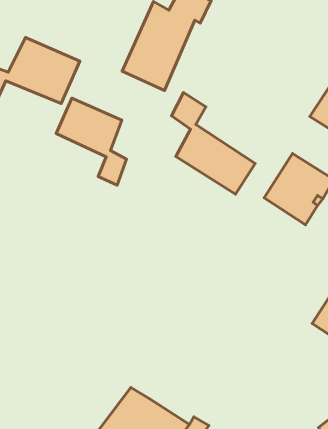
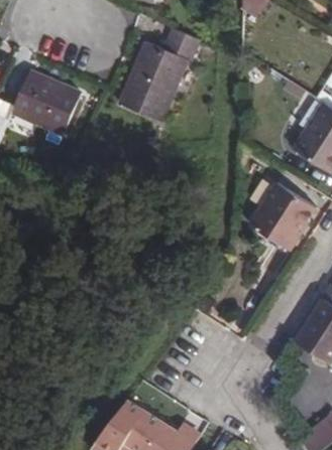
building: [171,92,255,194] -> none
building: [56,98,126,185] -> none

